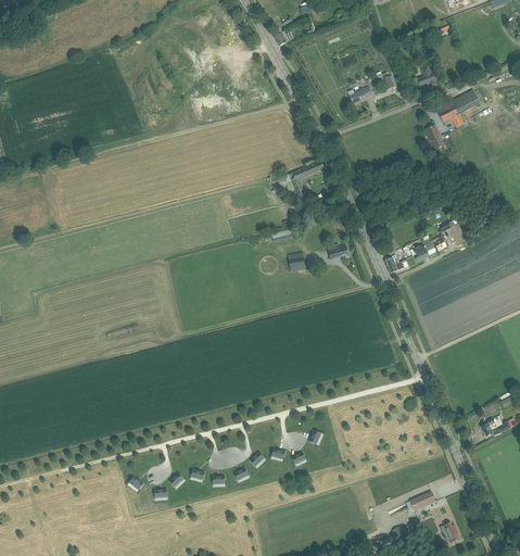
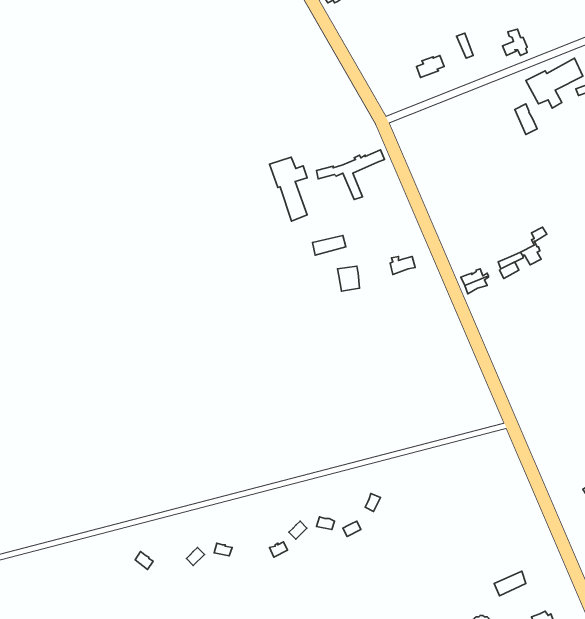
building: none -> [269,157,307,221]

